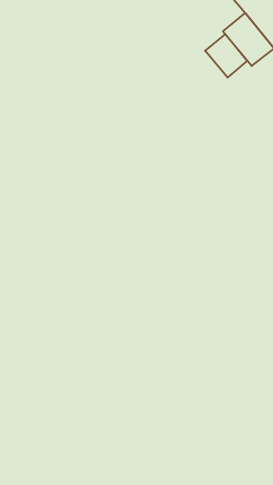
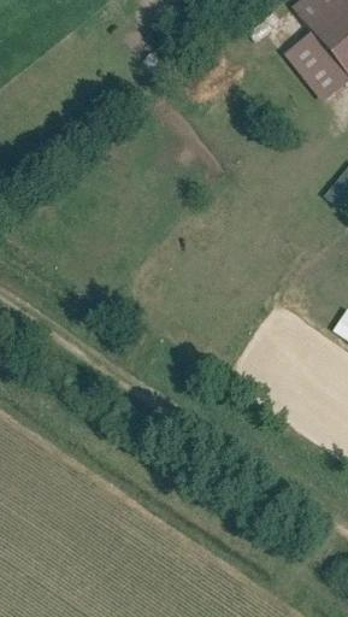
building: [205,34,247,78] -> none

